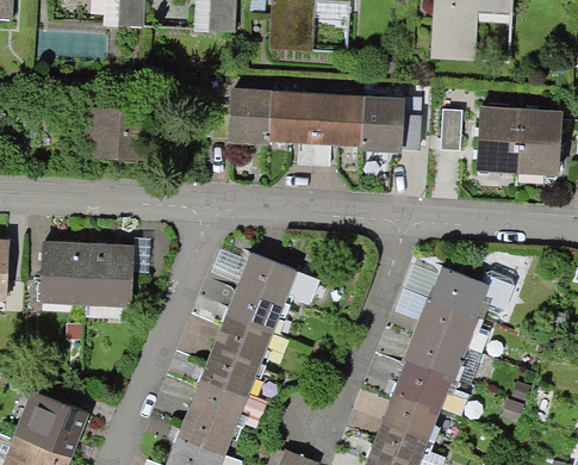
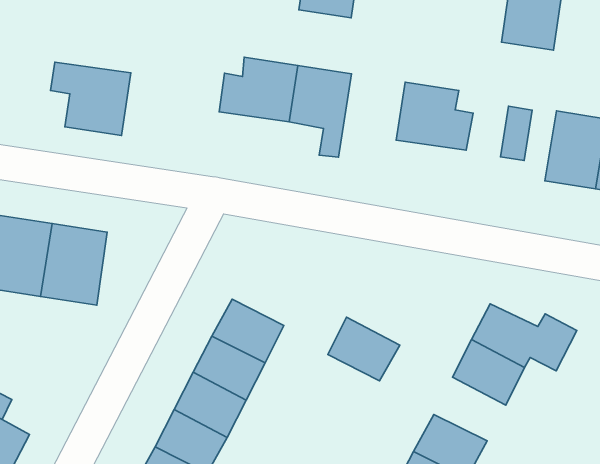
building: [312,97,359,165] -> none
building: [240,253,296,300] -> [328,317,400,381]
building: [408,328,464,376] -> none

